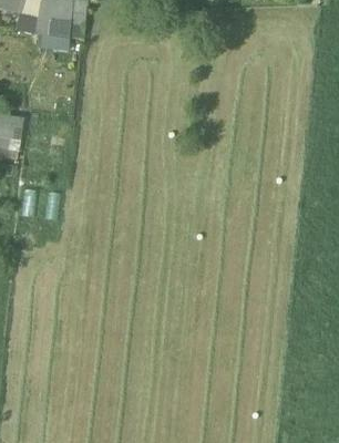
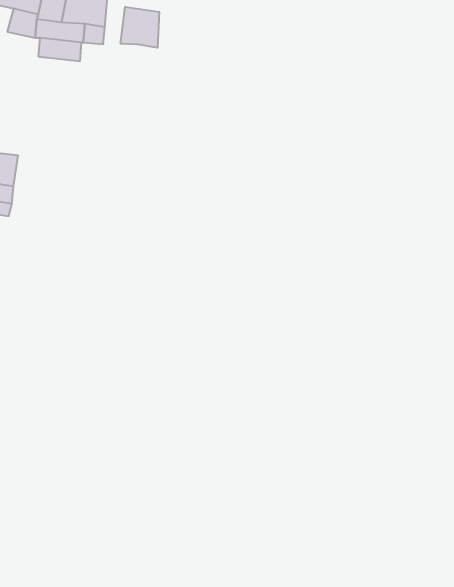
building: none -> [121,7,159,48]

